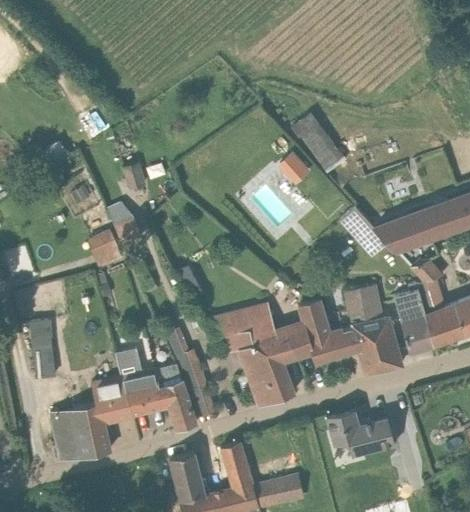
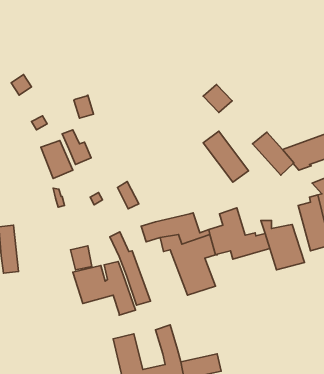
building: [294,111,349,173] -> [203,131,248,182]
building: [344,286,382,325] -> none
building: [51,378,133,462] -> none
building: [327,411,395,460] -> none

